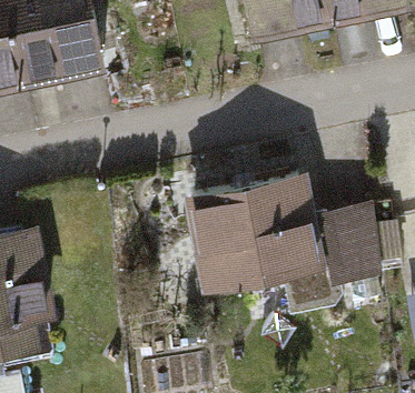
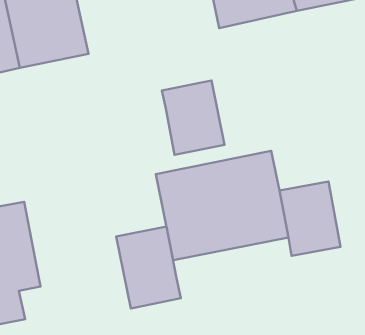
building: none -> [162,81,225,155]
building: none -> [116,226,181,308]

